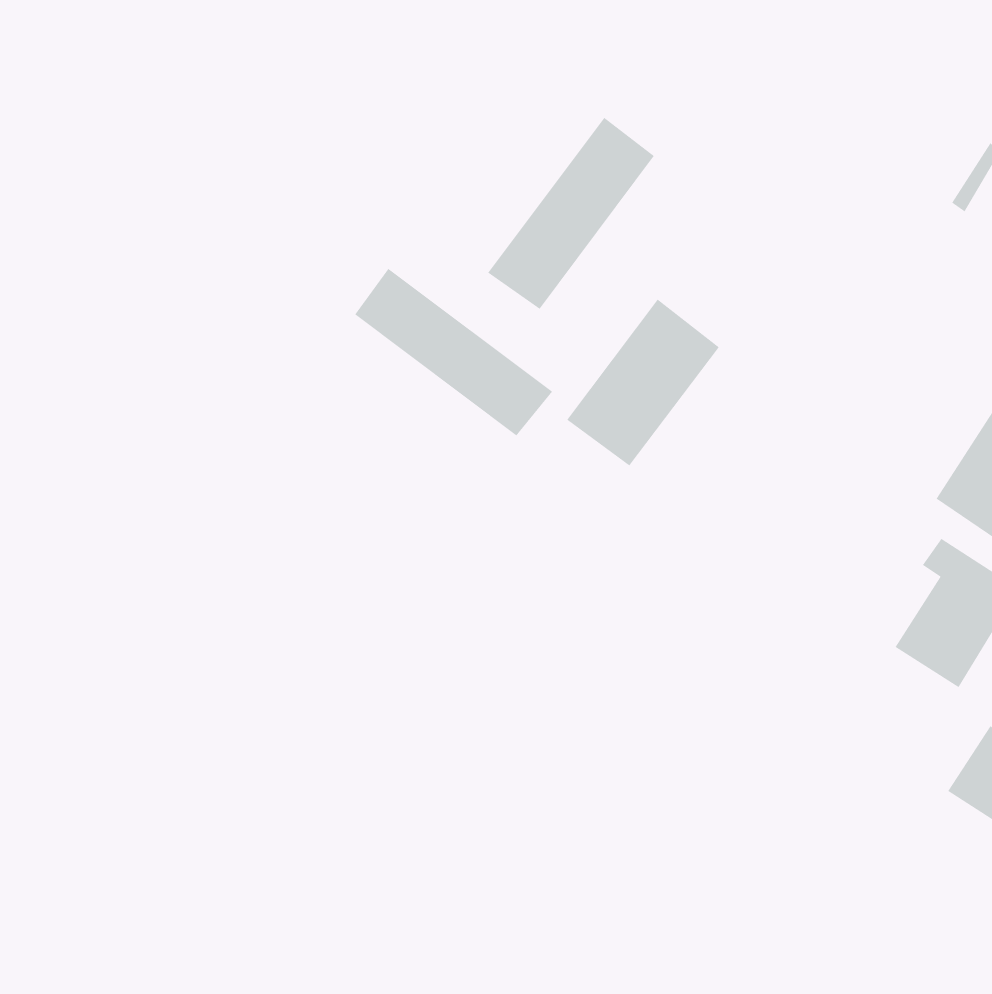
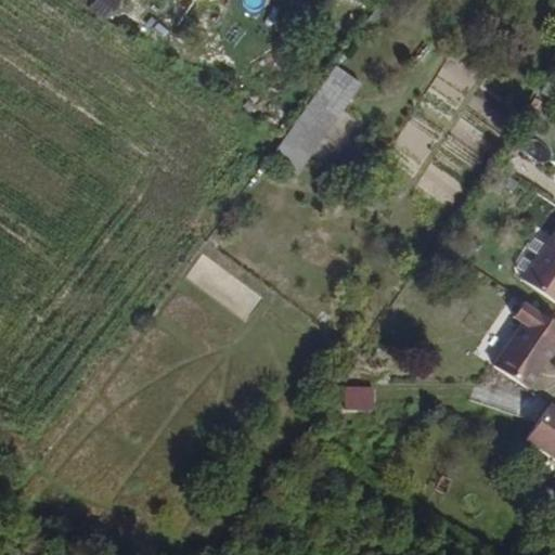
building: [354,268,553,437] -> none
building: [566,298,720,467] -> none

